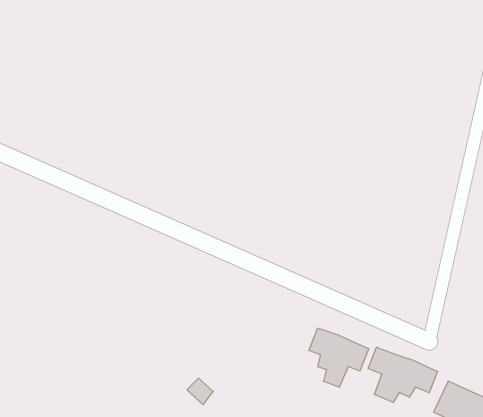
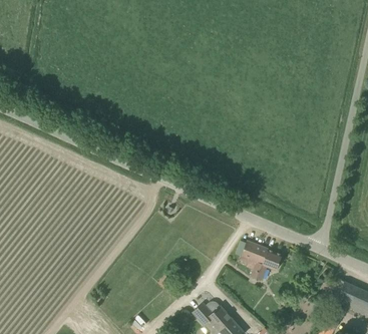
building: [368,347,438,403] -> none

